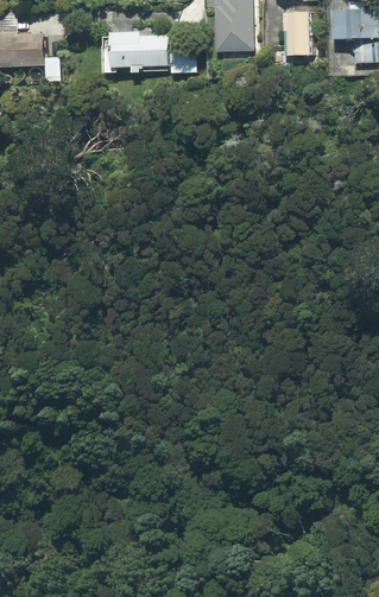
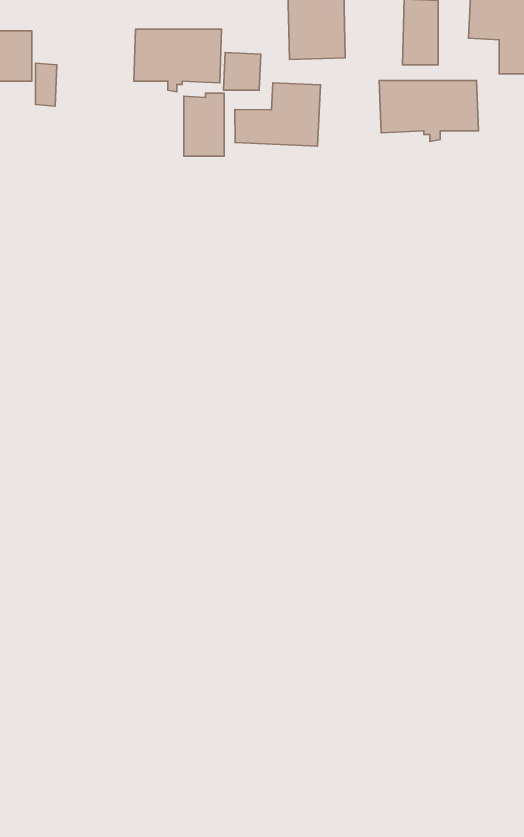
building: none -> [379,81,479,141]
building: none -> [235,83,320,146]
building: none -> [184,93,224,156]

